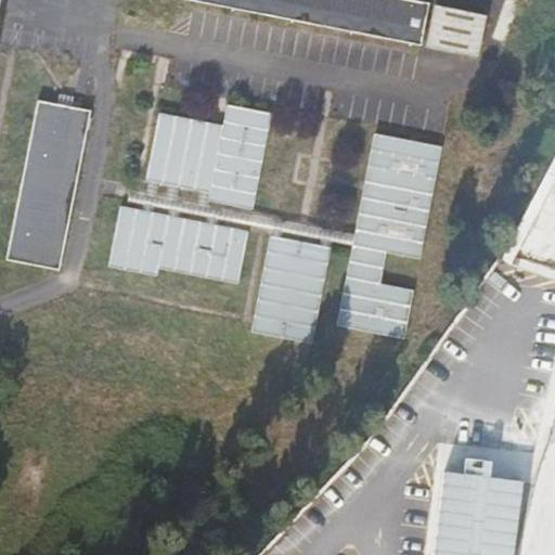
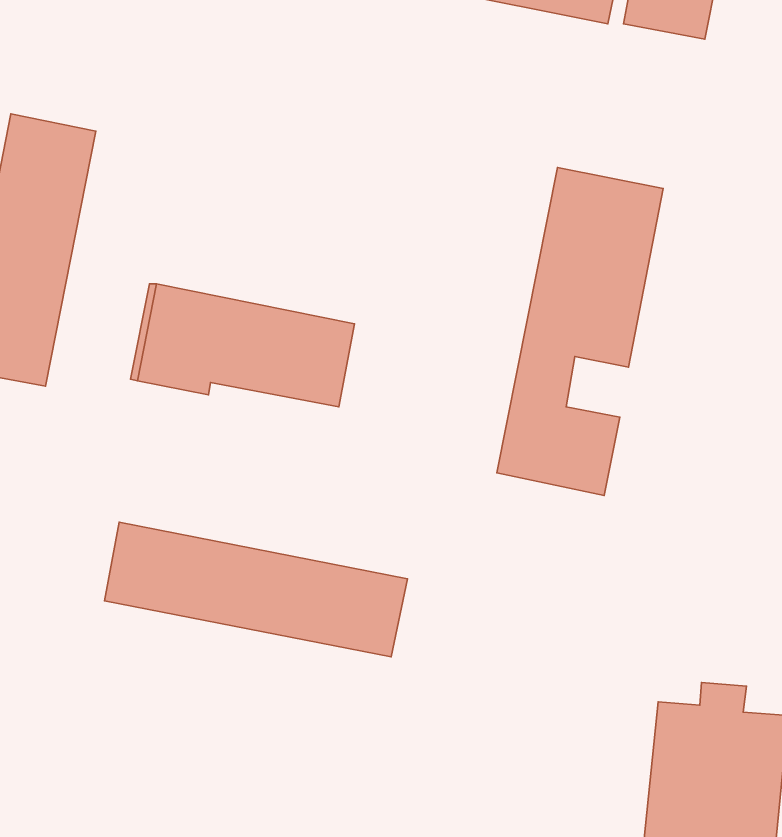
building: [147,103,273,208] -> none
building: [253,234,332,343] -> none
building: none -> [104,522,408,657]

